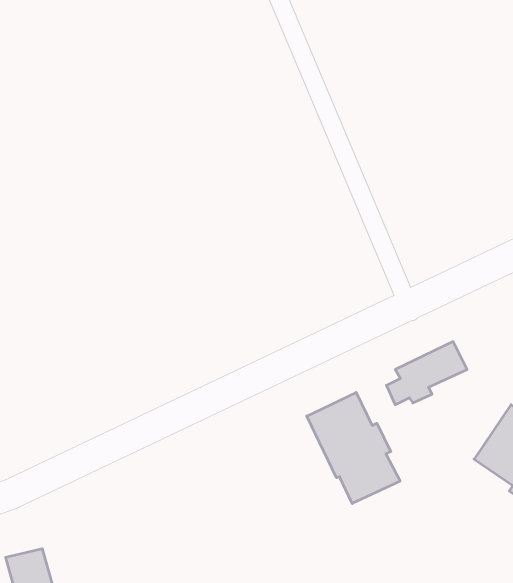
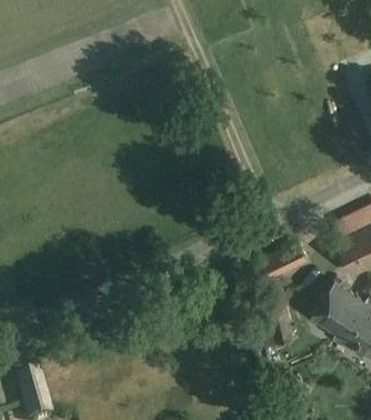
building: [307,392,400,504] -> none

